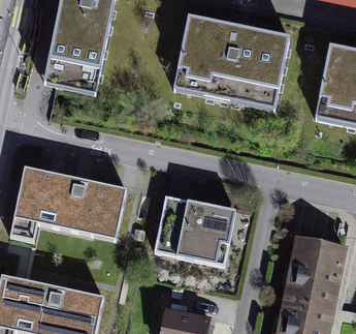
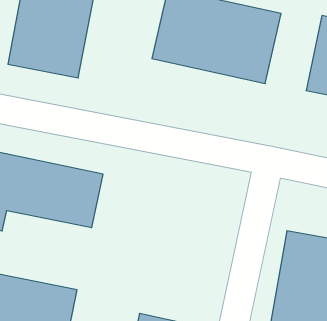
building: [155,195,234,261] -> none

